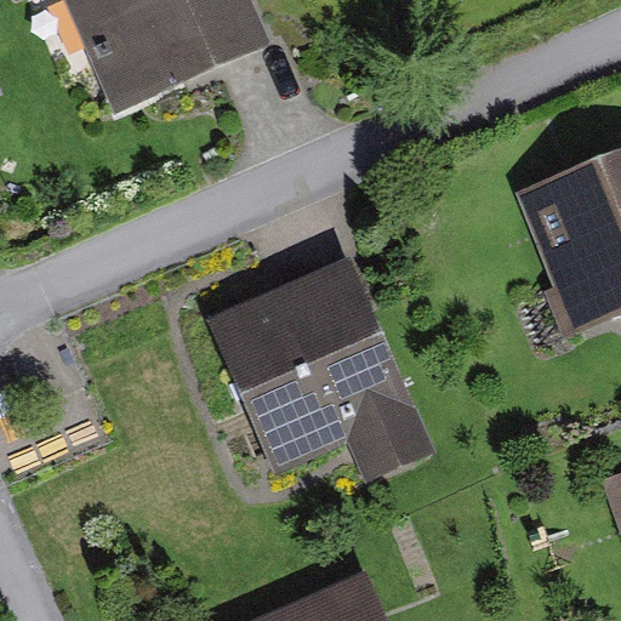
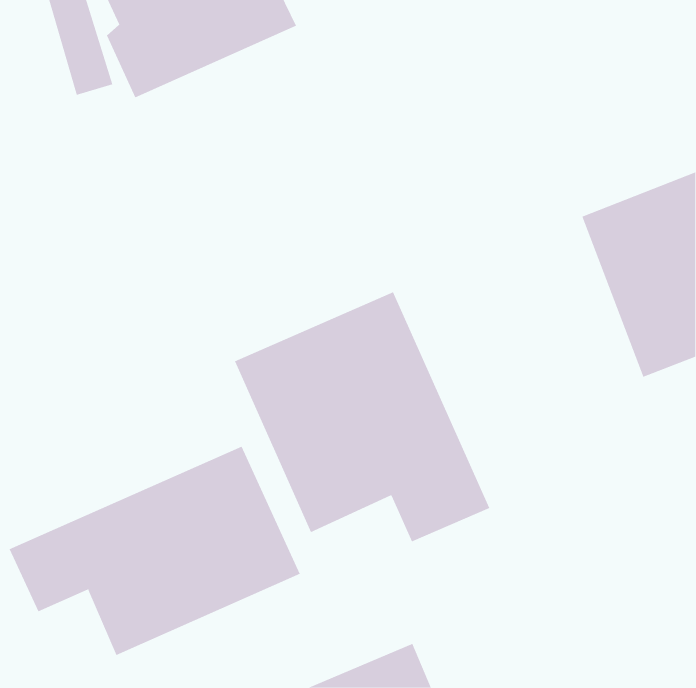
building: none -> [9,446,300,656]

